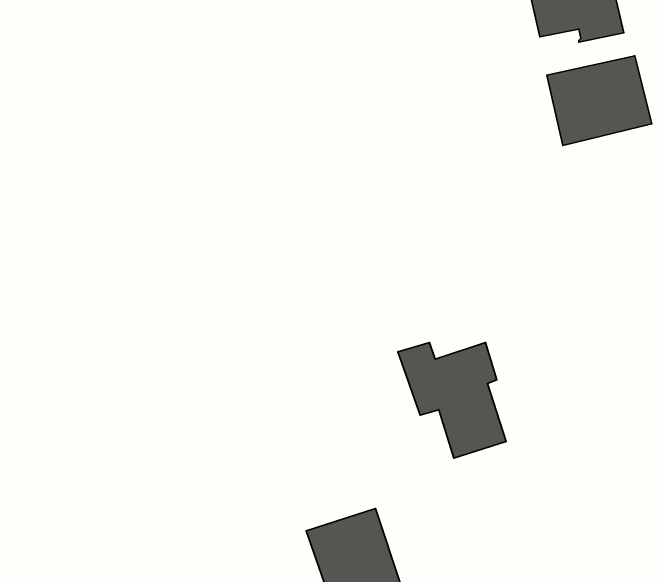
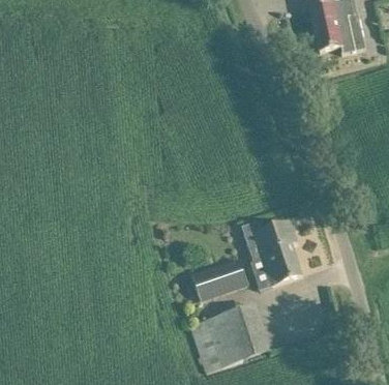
building: [547,56,652,145] -> none
building: none -> [191,259,247,300]

